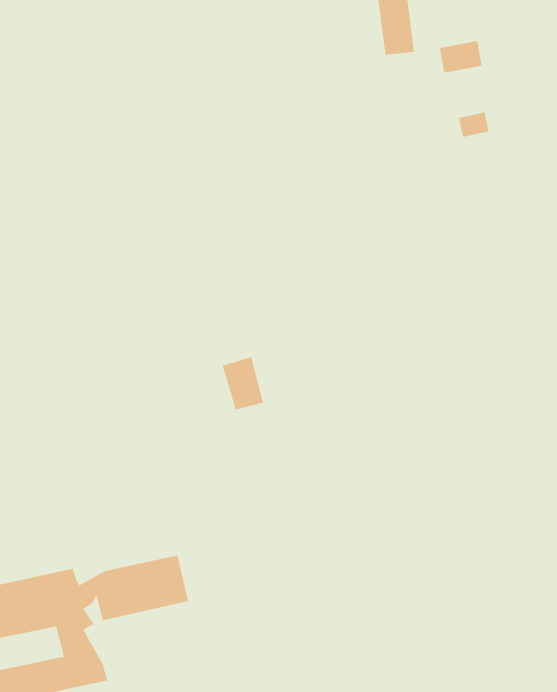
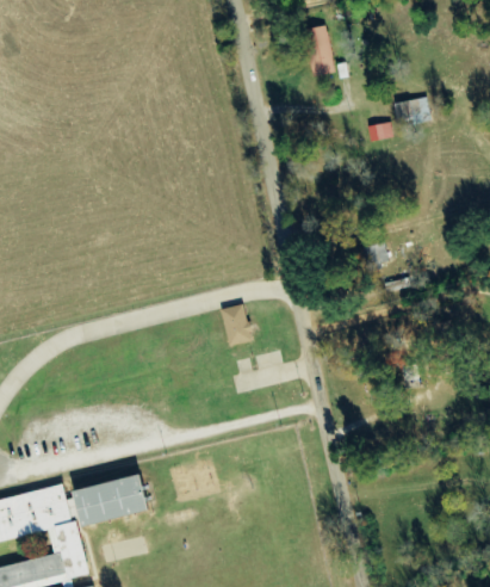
building: [439,40,482,73] -> [395,95,429,122]
building: [222,356,264,410] -> [218,302,252,345]

